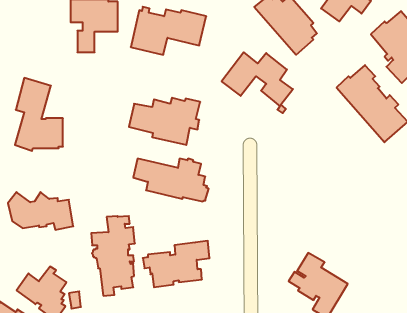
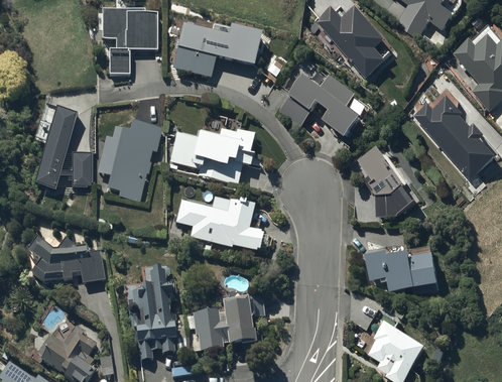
building: none -> [96,119,162,201]
building: none -> [359,146,414,216]
building: none -> [367,248,438,294]

